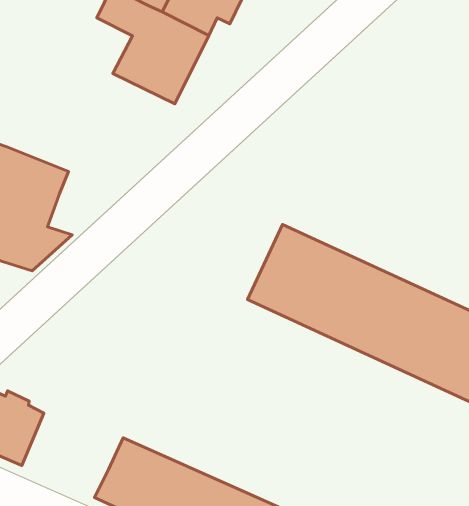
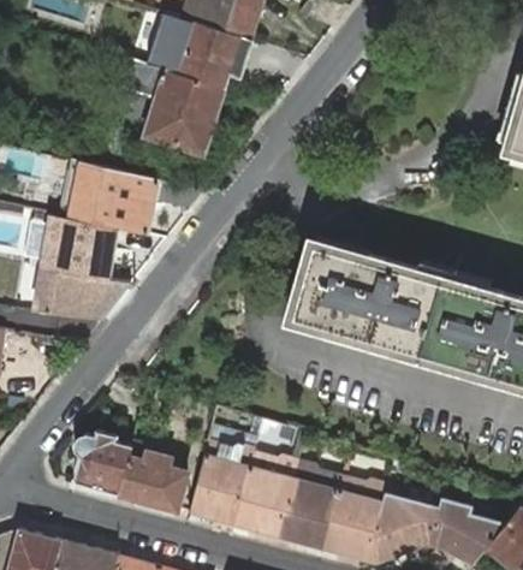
building: none -> [60,162,201,233]
building: none -> [118,441,186,509]

